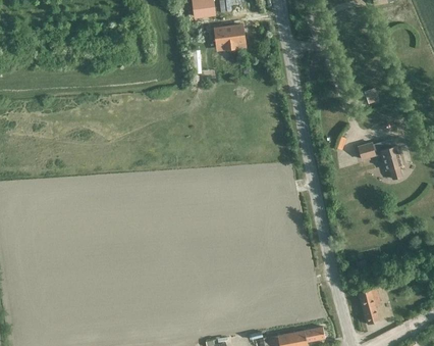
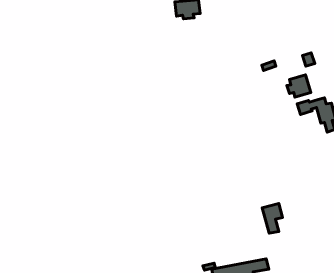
building: none -> [287,75,311,97]
building: [359,289,382,324] -> [262,203,282,233]

